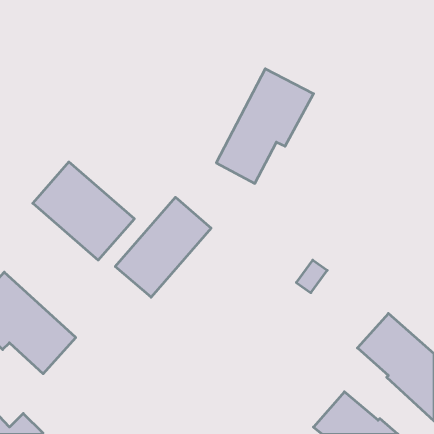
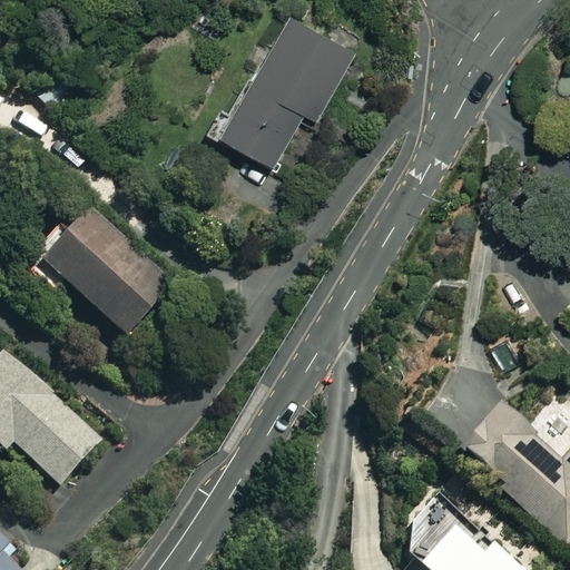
building: [216,69,314,183] -> [227,17,353,165]
building: [115,197,211,297] -> none

